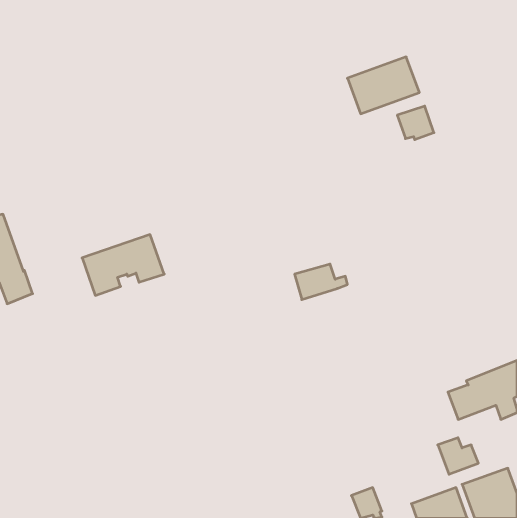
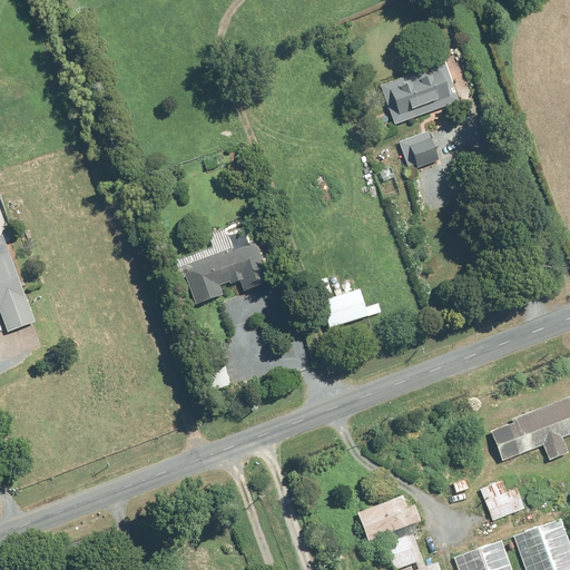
building: [397,106,434,140] -> [399,131,439,168]
building: [82,235,164,295] -> [181,239,272,306]
building: none -> [358,494,421,540]

